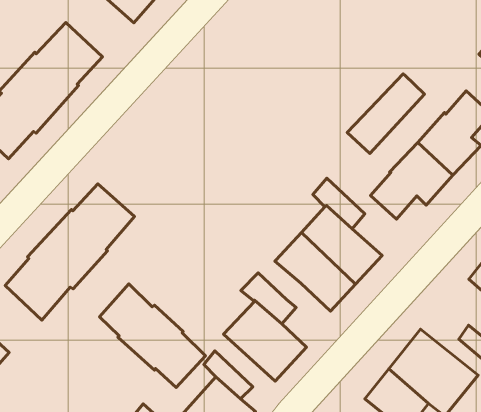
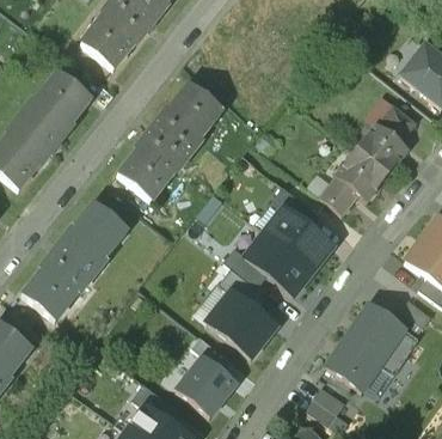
building: none -> [118,81,222,199]
building: [347,74,425,154] -> none
building: none -> [223,245,268,287]
building: [99,284,206,387] -> none

